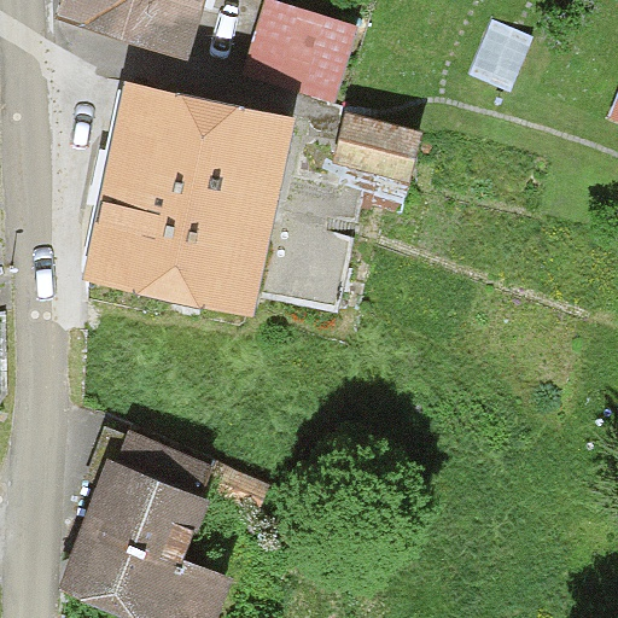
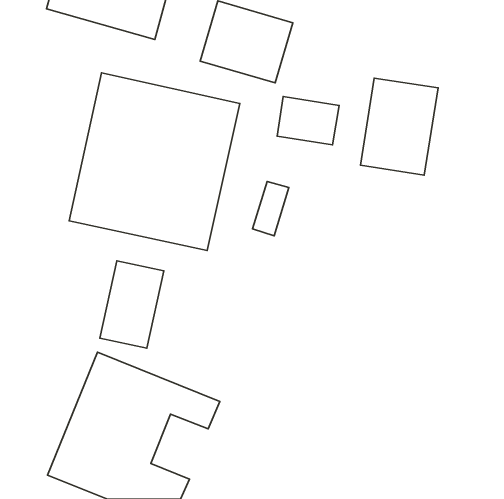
building: none -> [360,78,438,175]
building: none -> [100,261,164,348]

